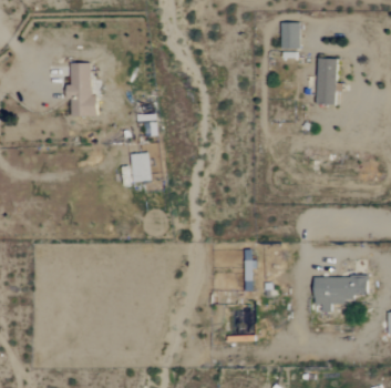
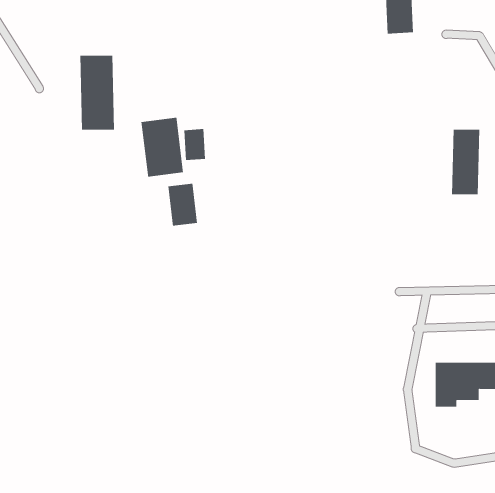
building: [317,60,337,105] -> [451,129,480,195]
building: none -> [141,117,184,178]

